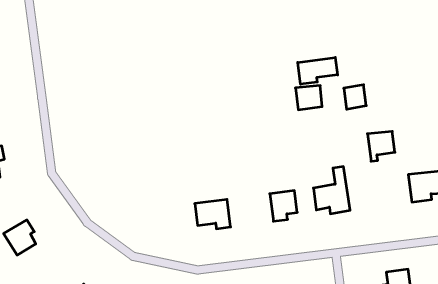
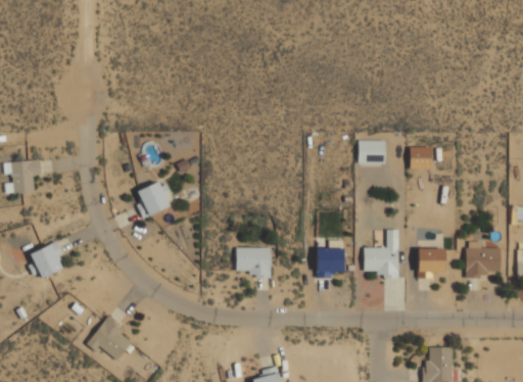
building: [298,57,338,84] -> none
building: [367,131,395,161] -> [418,248,444,278]
building: none -> [137,181,171,218]

